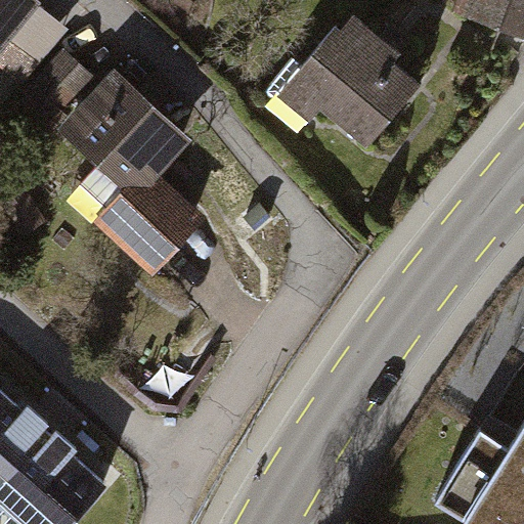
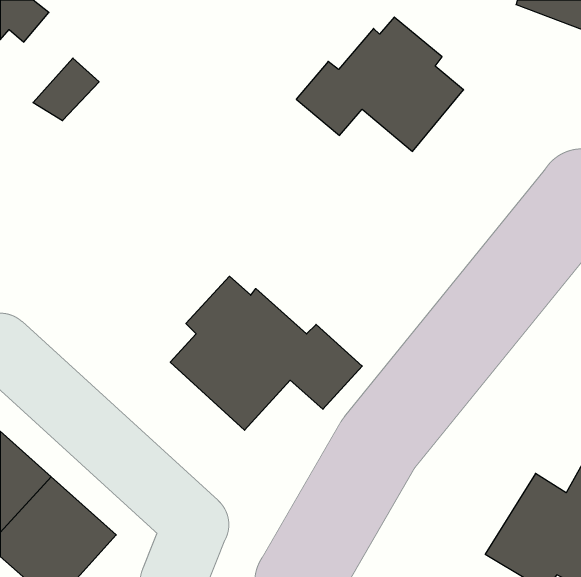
building: [70,80,196,264] -> none
building: none -> [170,276,362,430]

